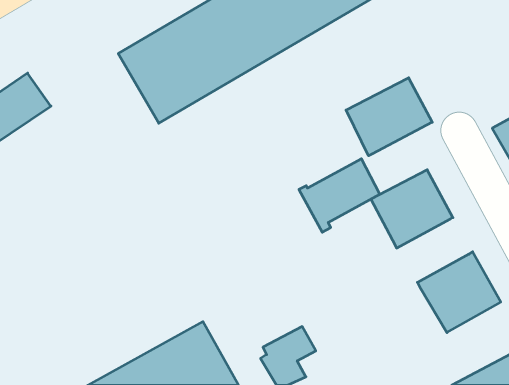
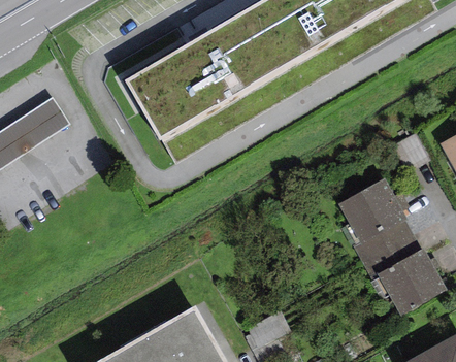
building: [346,78,432,156] -> none
building: [299,159,380,232] -> [352,220,420,282]

